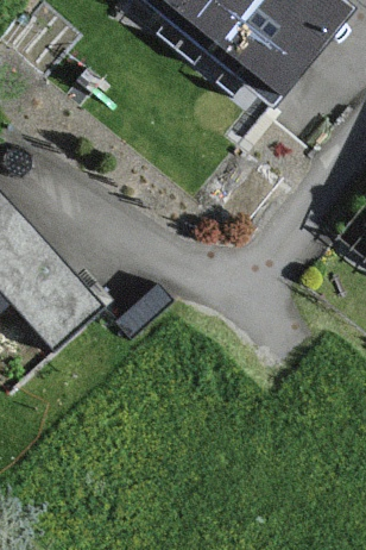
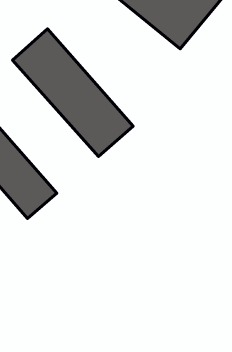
building: none -> [13,29,133,156]

